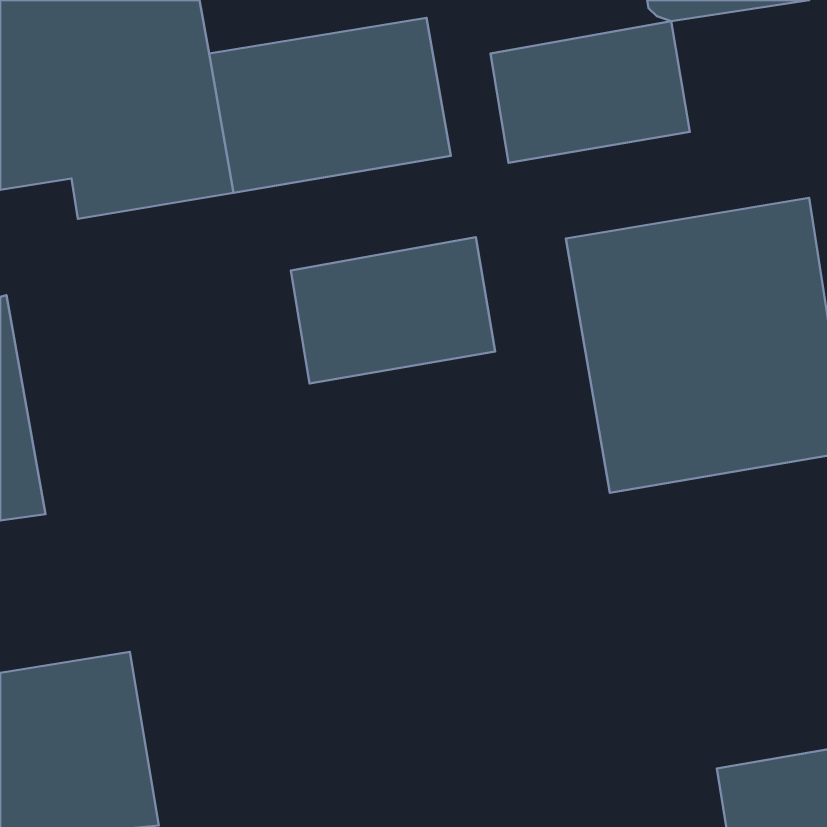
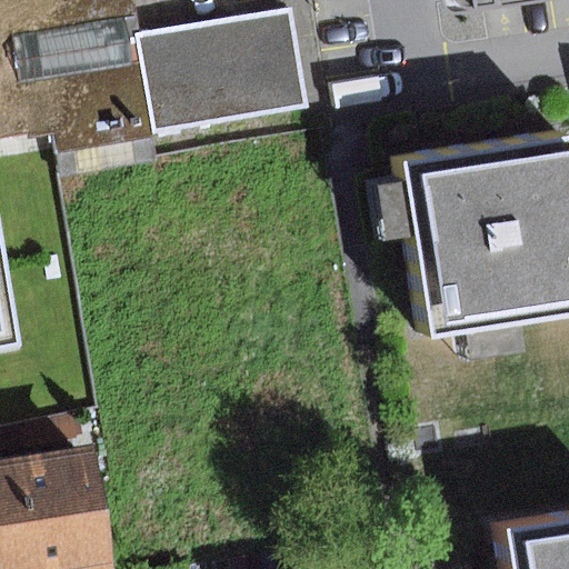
building: [490,21,690,163] -> none
building: [291,237,495,383] -> none

